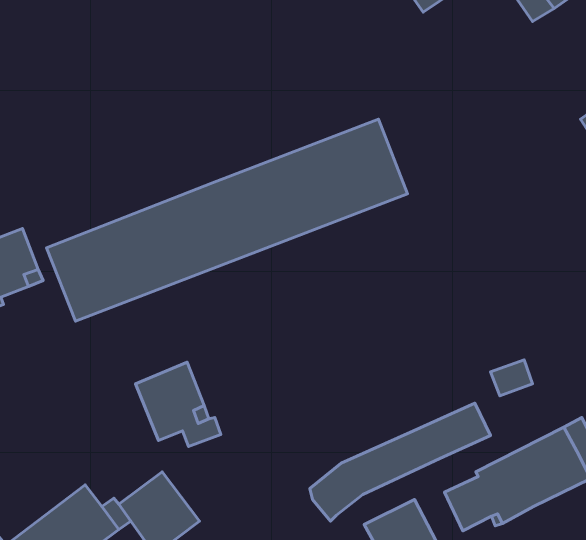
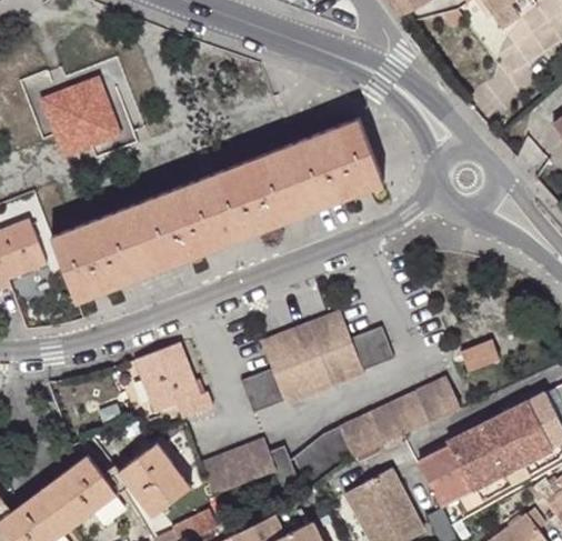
building: none -> [39,76,123,160]
building: none -> [241,311,393,413]
building: none -> [199,439,294,498]

